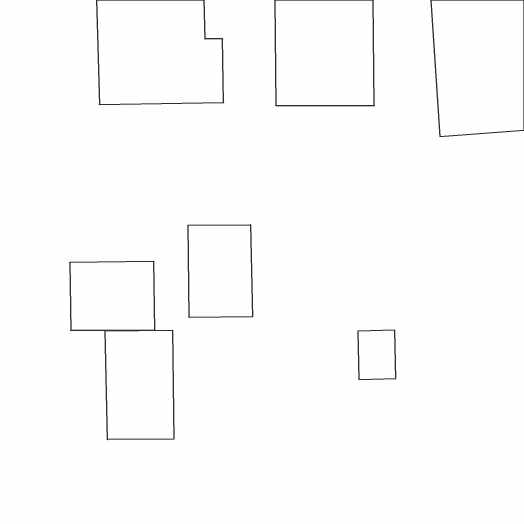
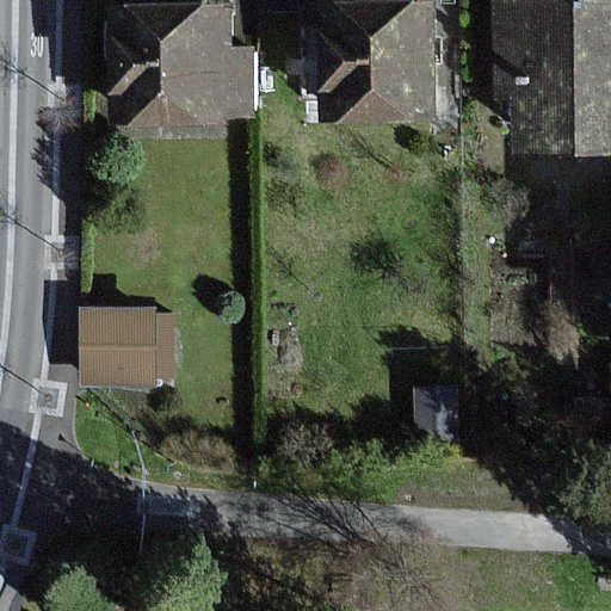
building: [188,225,253,317] -> none
building: [105,330,174,440] -> none

